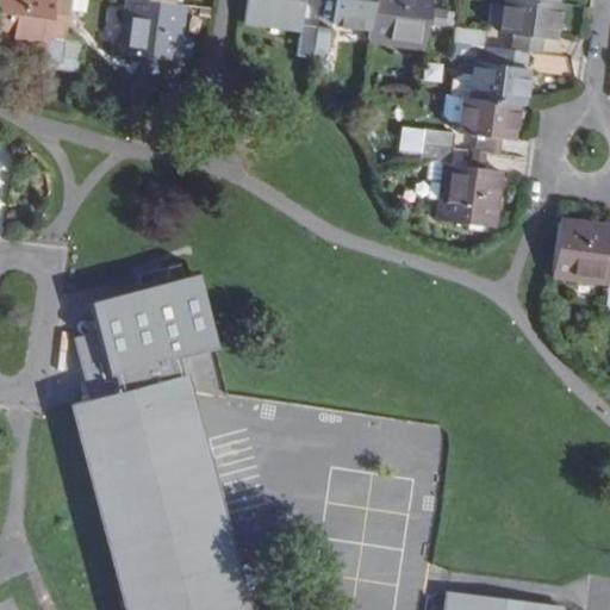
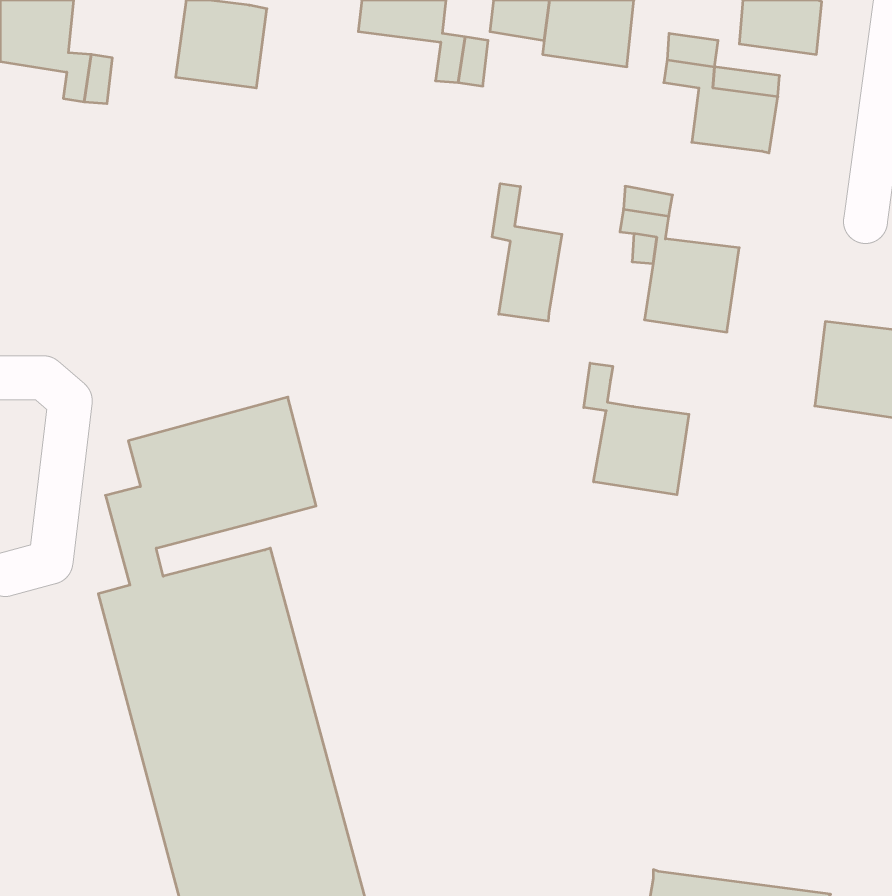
building: [450,94,521,141] -> none
building: none -> [492,184,562,321]
building: none -> [584,363,689,495]

